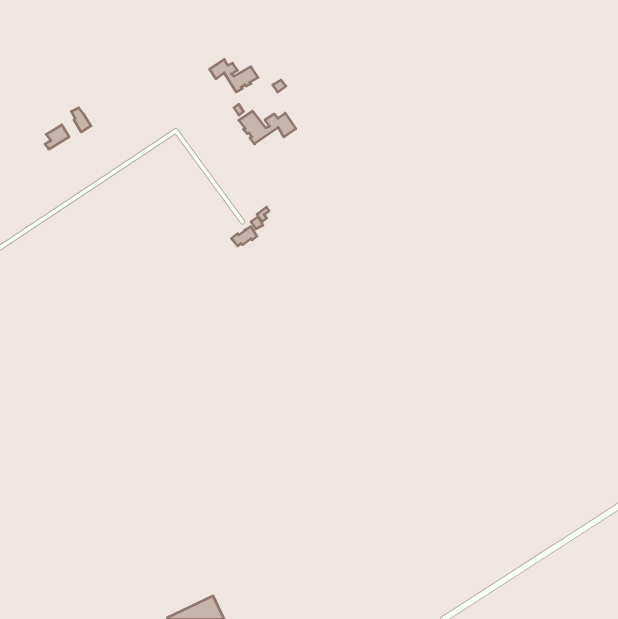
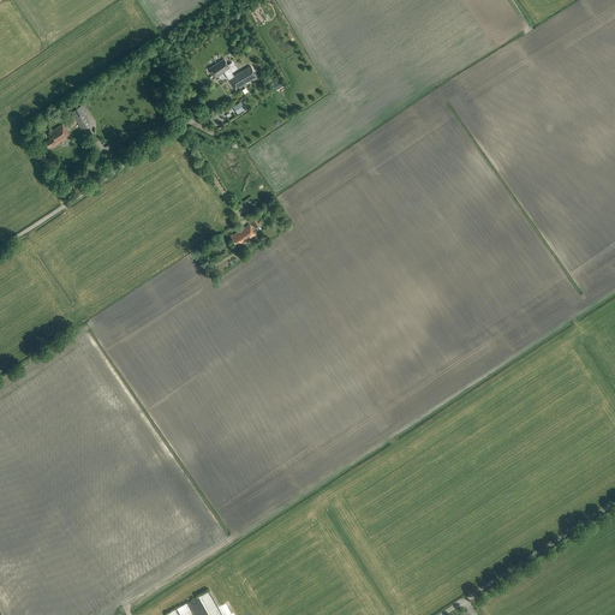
building: [239,111,296,144] -> none

